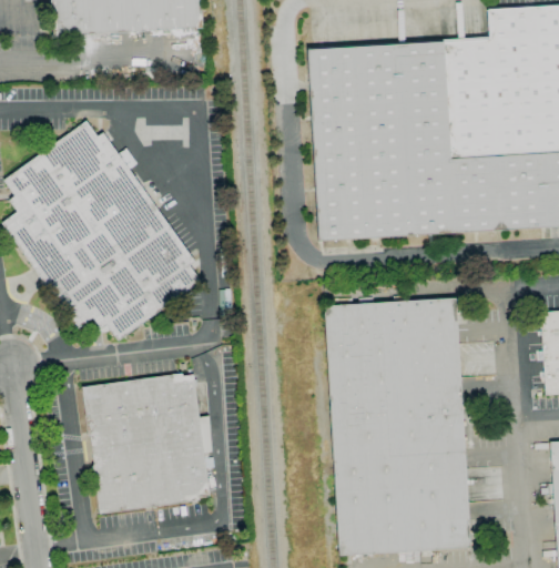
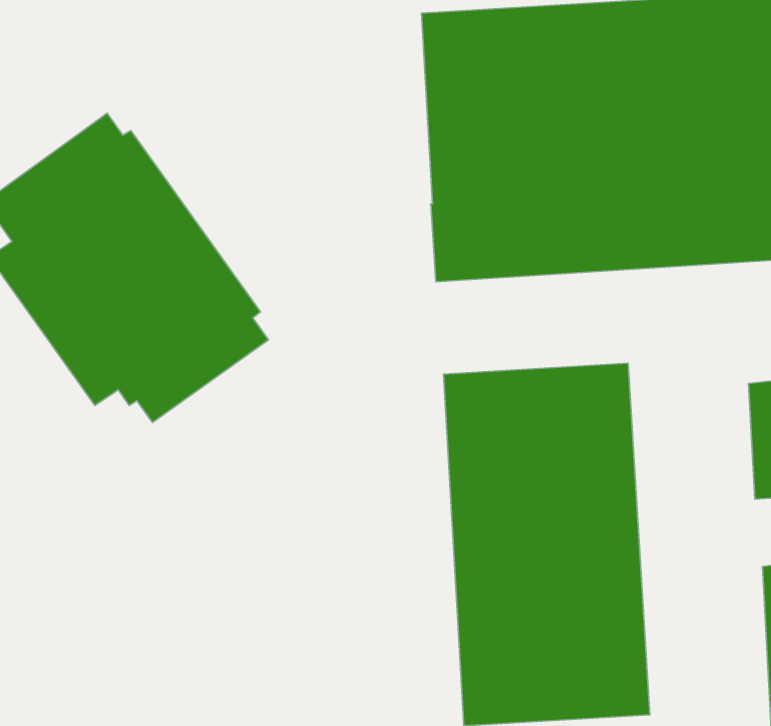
building: [82,373,213,513] -> none

